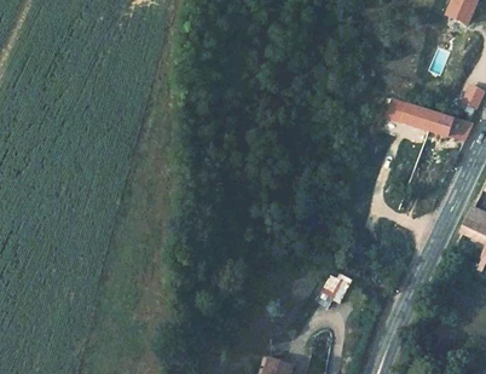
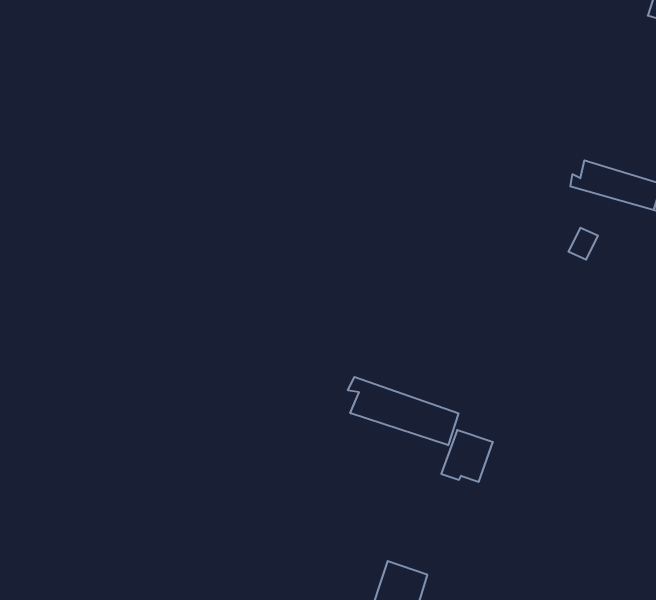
building: none -> [348,377,458,445]

